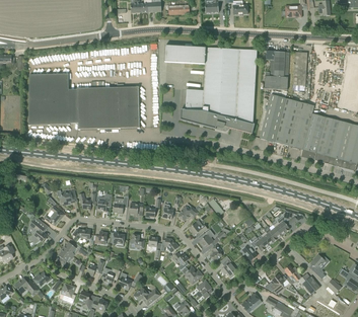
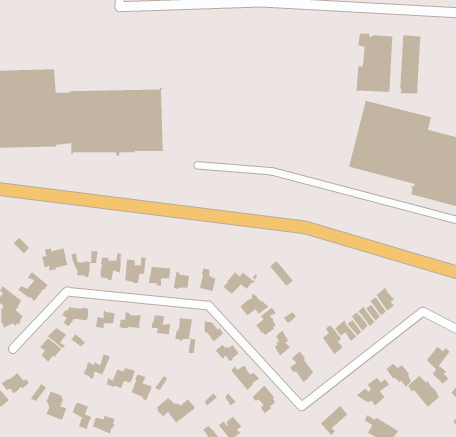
building: [164,46,257,134] -> none

